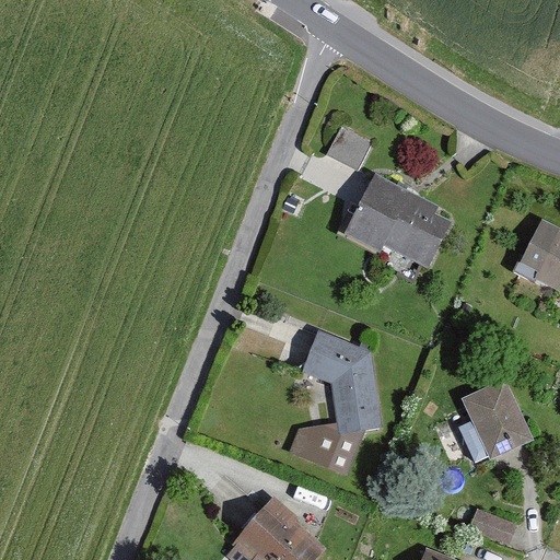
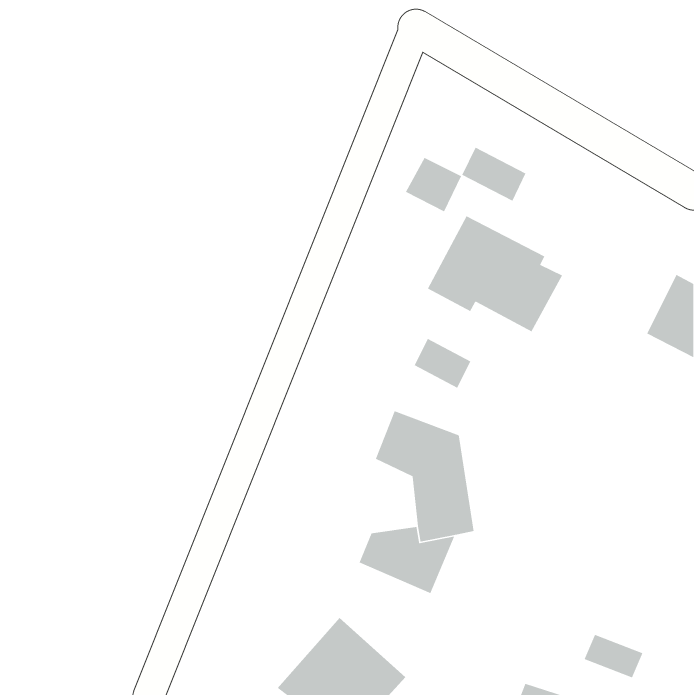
building: none -> [461,147,527,202]
building: none -> [414,338,472,389]
building: [460,378,532,459] -> none

